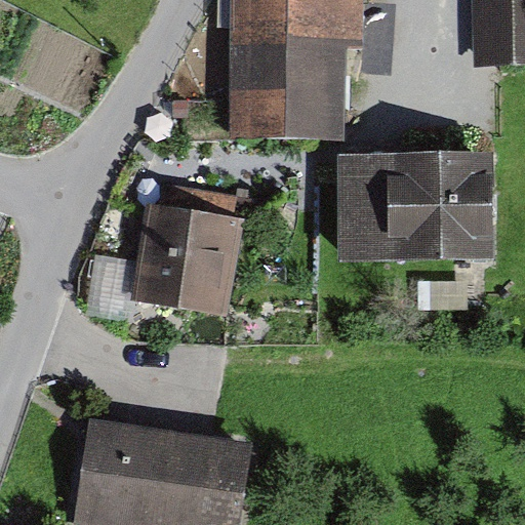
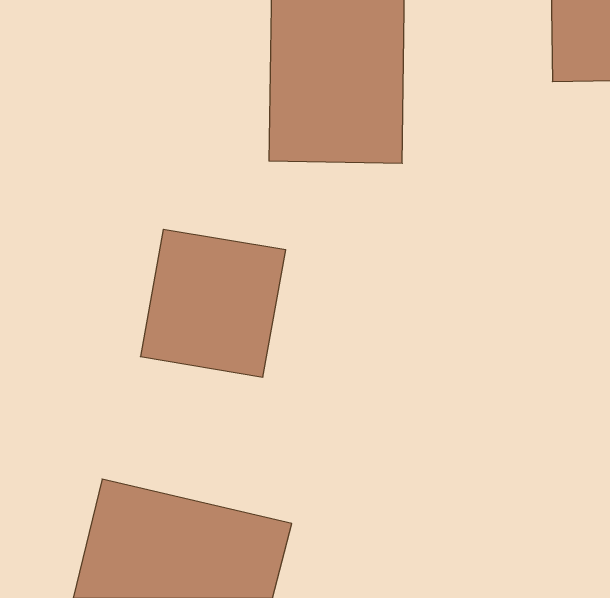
building: [335,151,493,267] -> none

